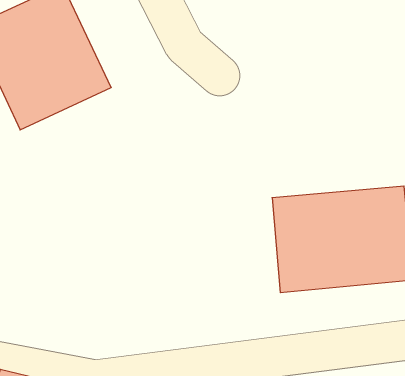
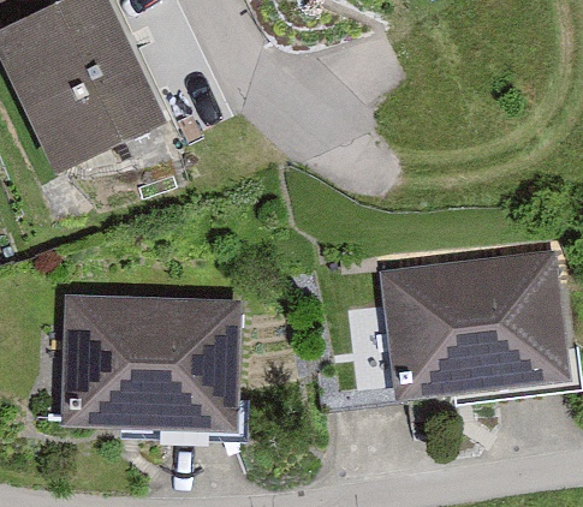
building: none -> [59,291,236,425]

